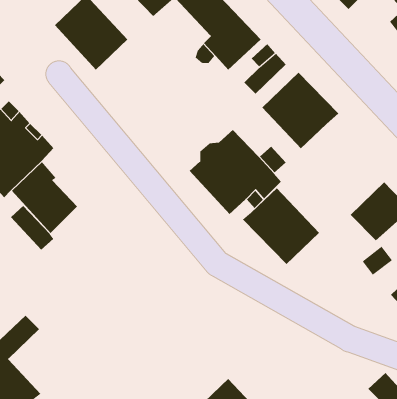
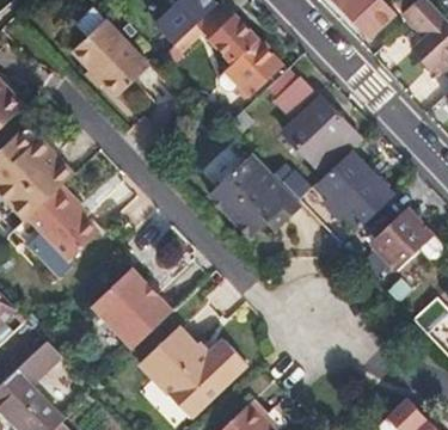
building: [242,187,320,265] -> [313,149,391,227]
building: none -> [94,270,176,351]
building: none -> [142,327,246,418]

